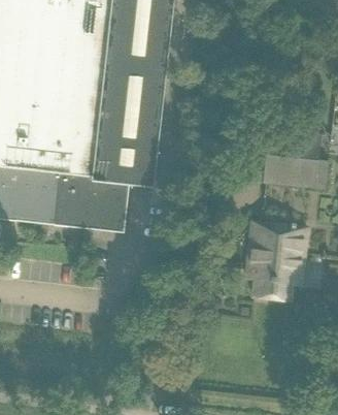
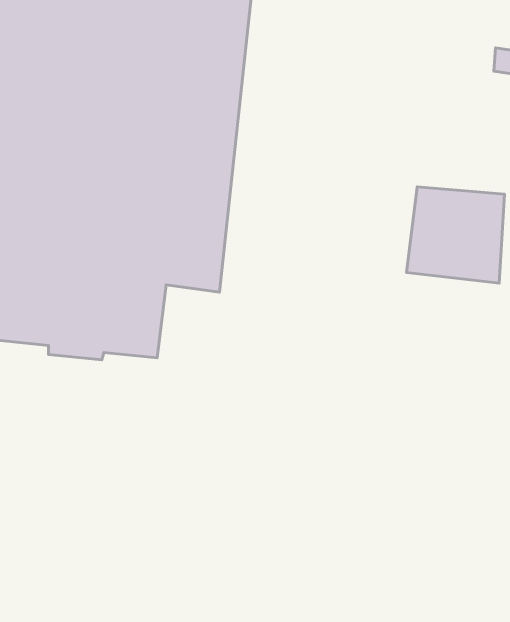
building: [246,224,306,301] -> none

